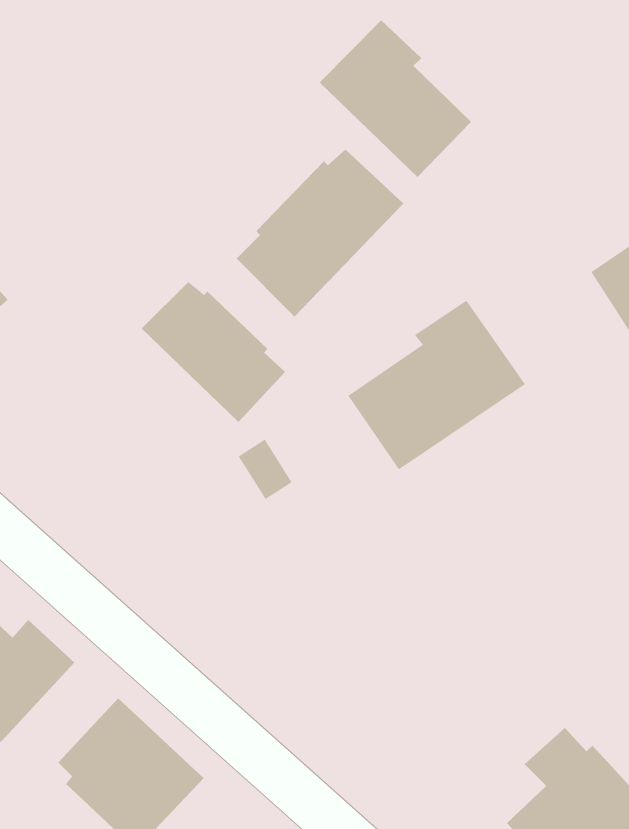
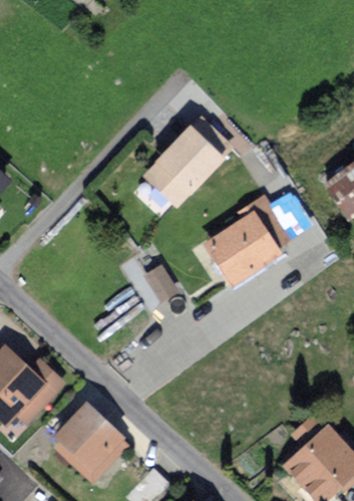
building: [319,19,472,178] -> none
building: [141,281,286,423] -> none

